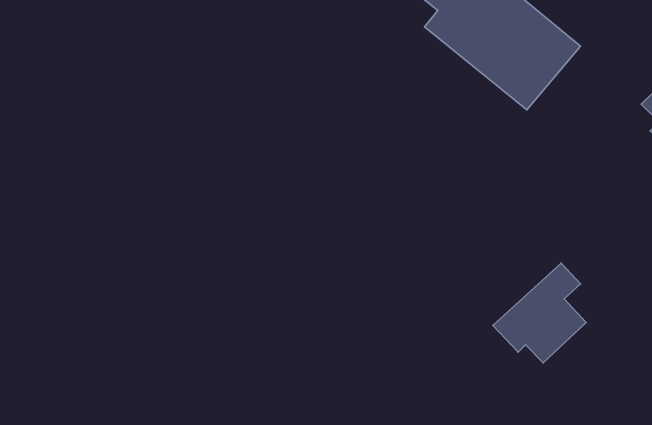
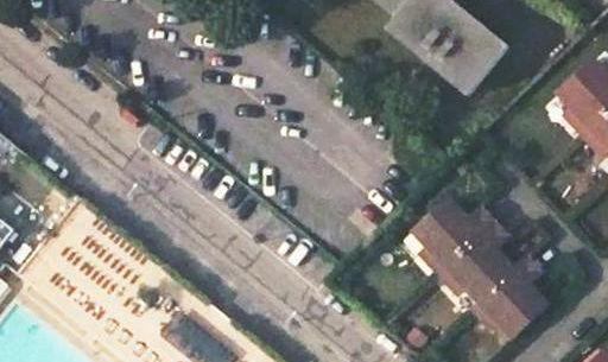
building: none -> [412,193,492,268]
building: none -> [470,254,547,336]

